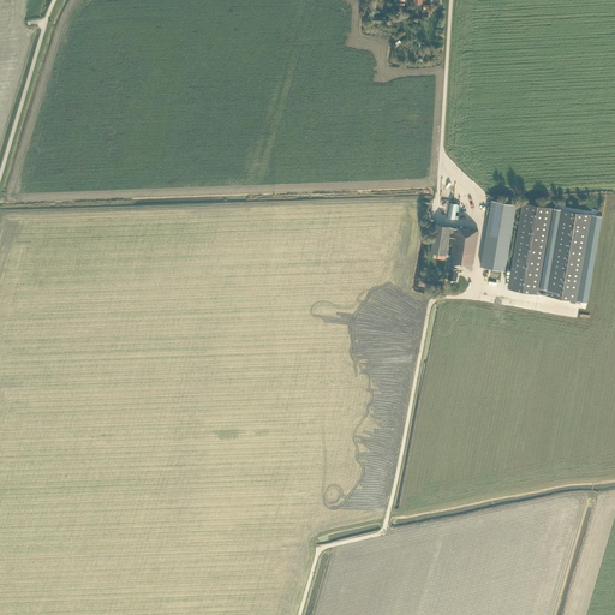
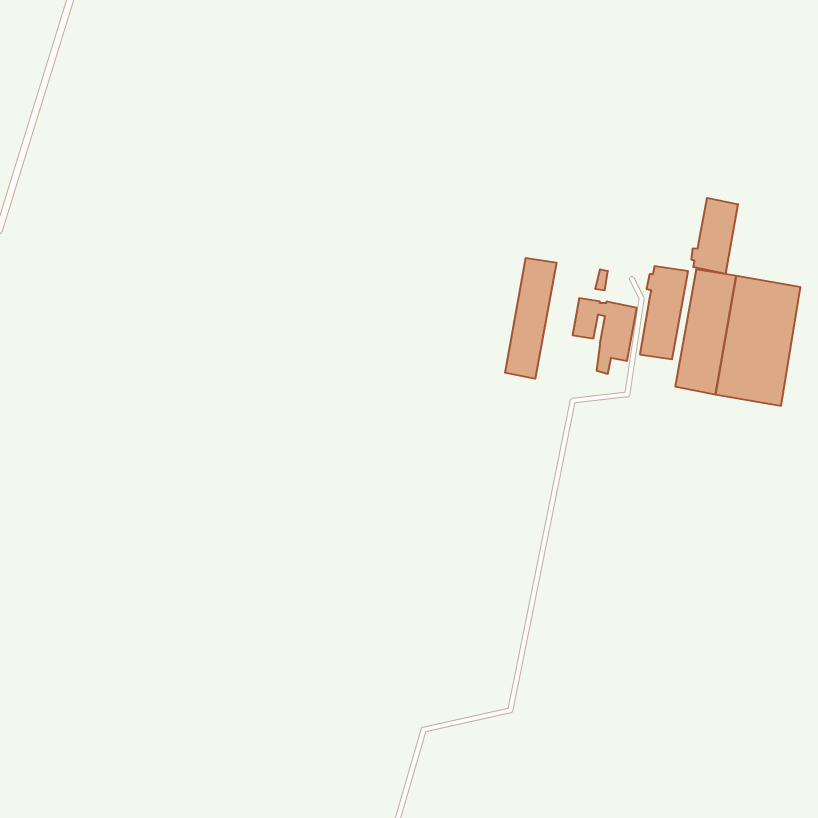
building: none -> [691,198,738,274]
building: none -> [505,258,556,379]

